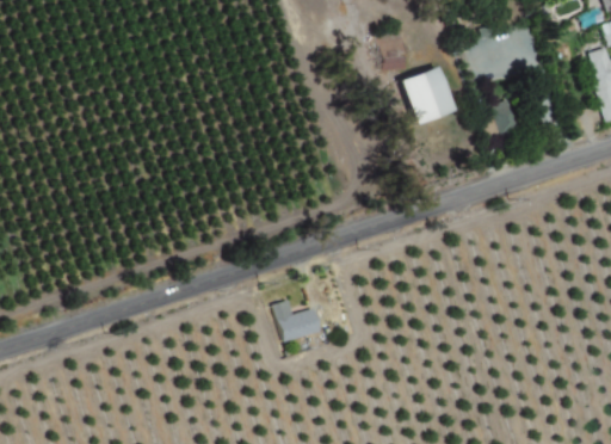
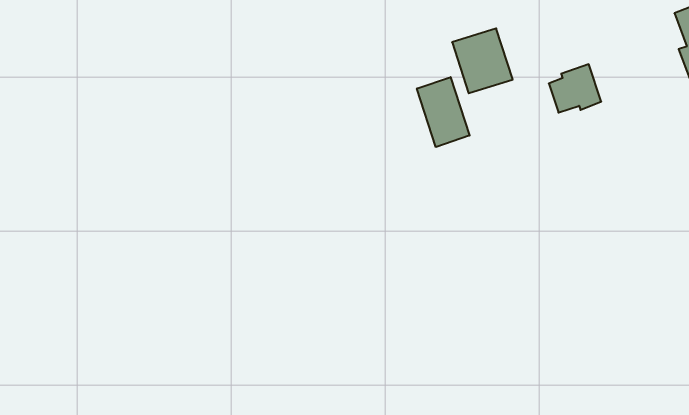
building: none -> [417,77,470,147]
building: [273,300,311,340] -> none

